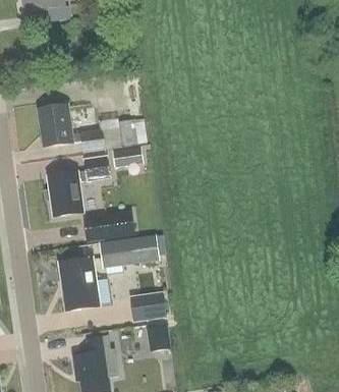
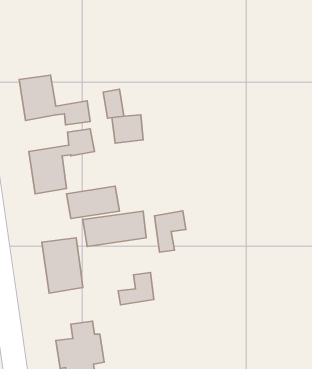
building: none -> [155,211,186,252]
building: [146,324,171,350] -> none

